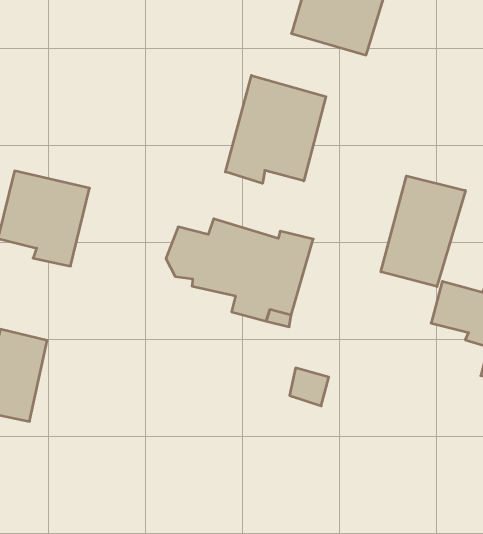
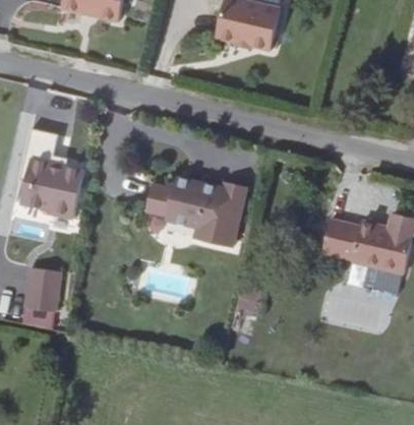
building: [225,75,326,183] -> none
building: [381,176,465,287] -> none

